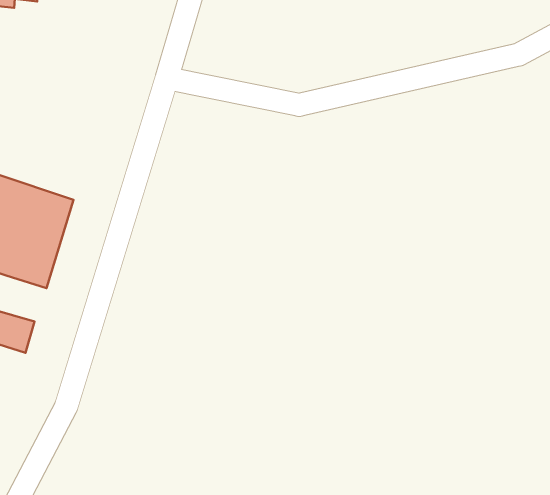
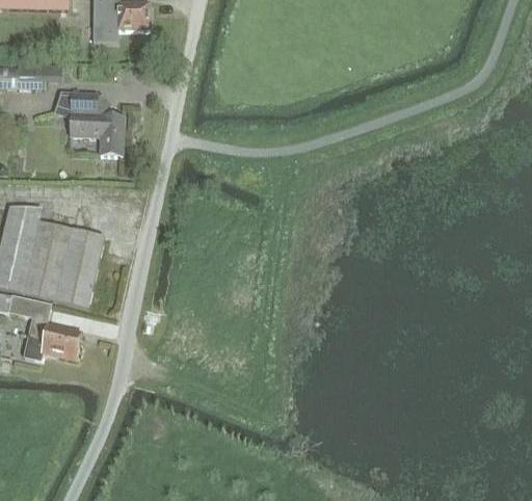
building: none -> [54,94,121,156]

